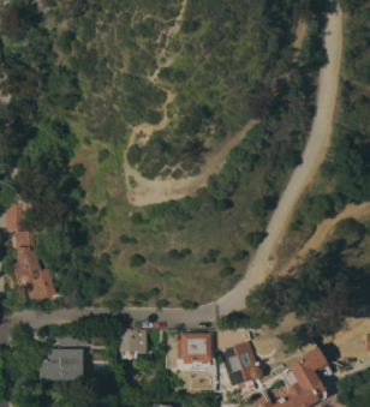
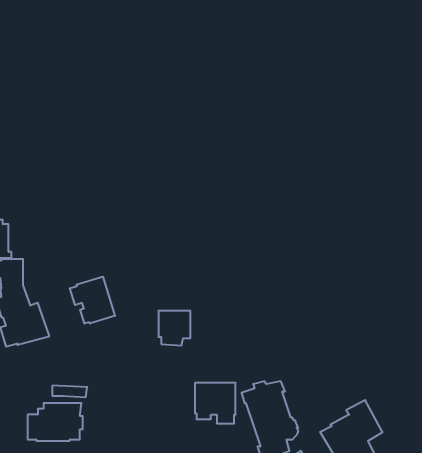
building: none -> [70,277,115,324]
building: [119,330,145,359] -> [158,311,190,346]

